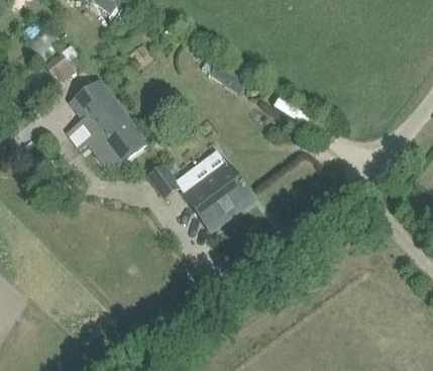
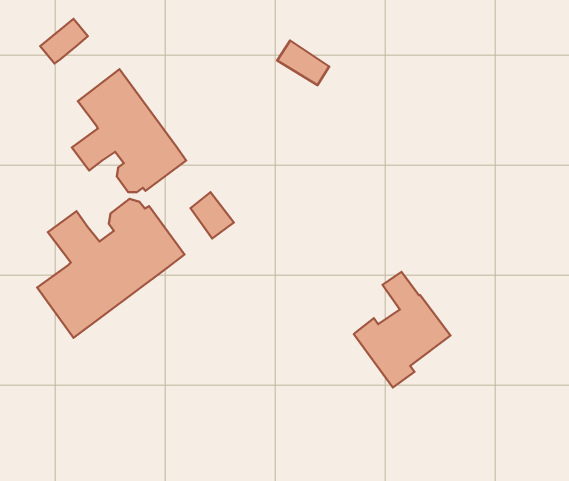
building: [183,151,250,231] -> [354,272,451,388]
building: none -> [37,199,184,338]

